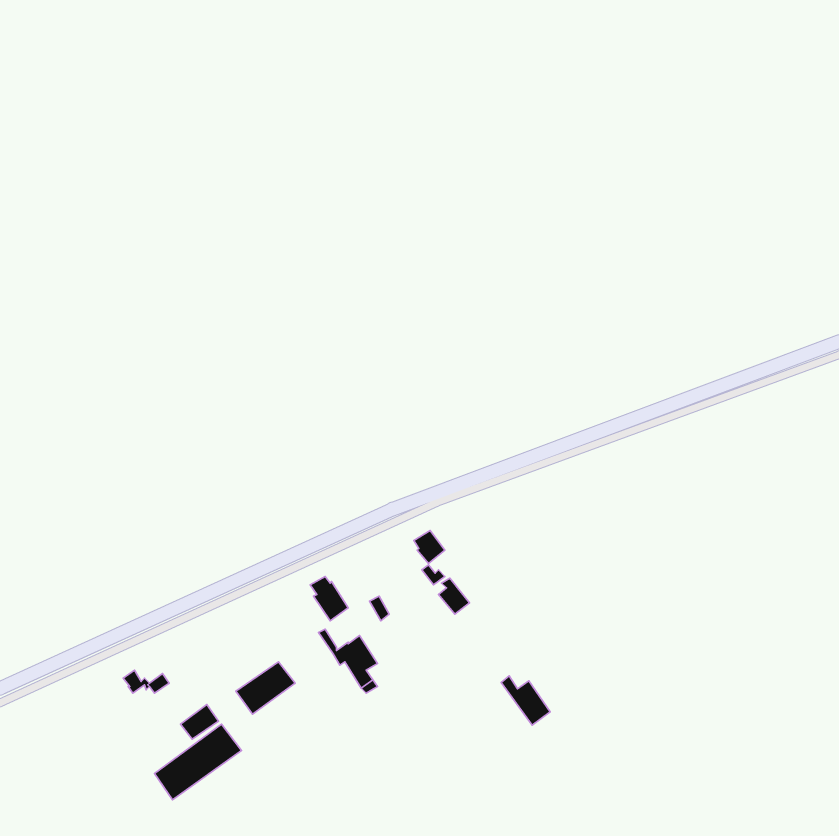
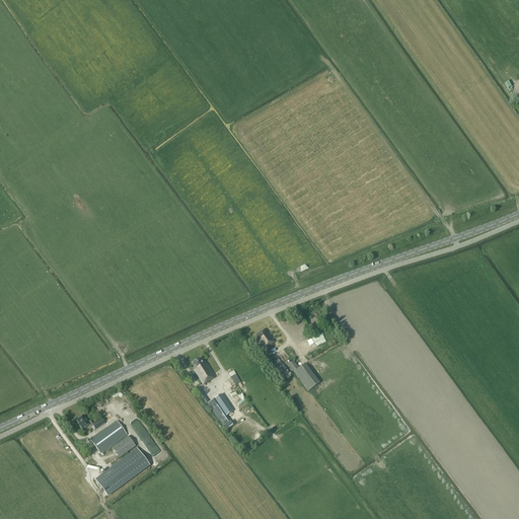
building: [236,662,295,714] -> [90,420,127,452]
building: [501,676,550,725] -> [288,359,318,389]

